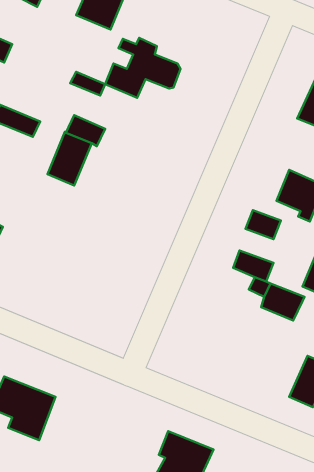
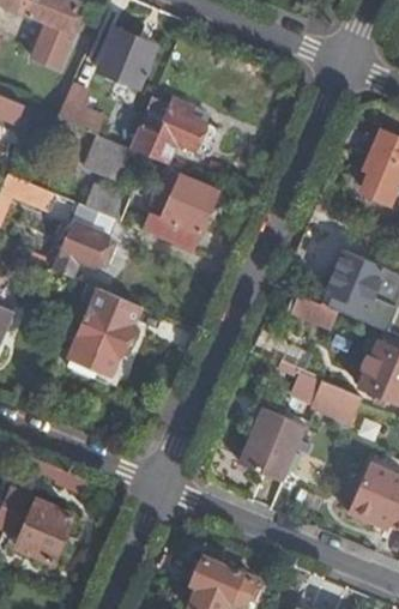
building: none -> [58,85,104,135]
building: none -> [140,171,218,252]
building: none -> [71,285,140,372]
building: none -> [238,408,306,482]

